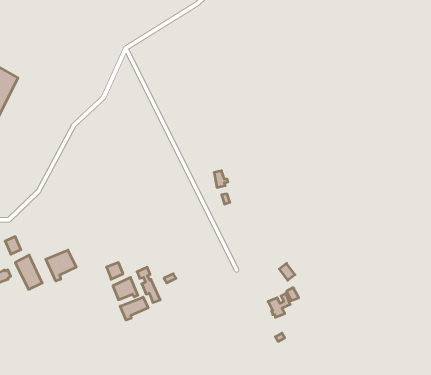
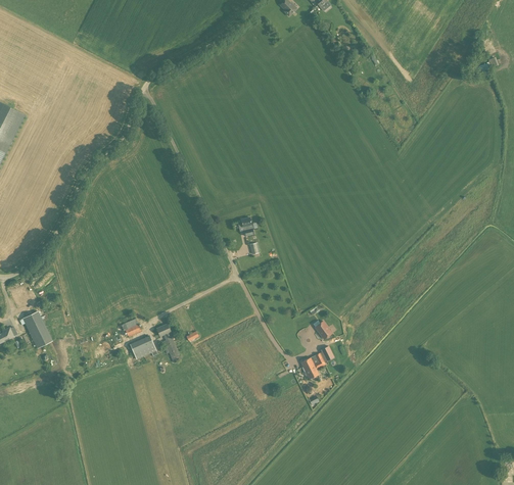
building: [46,250,76,281] -> none
building: [120,297,148,320] -> none

